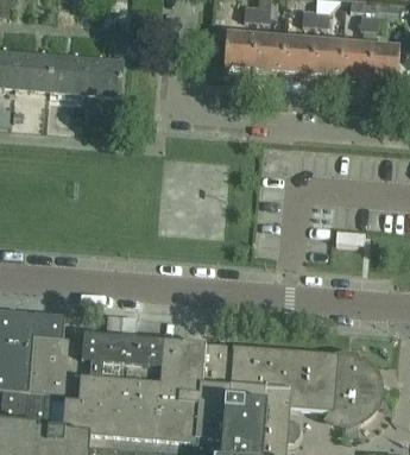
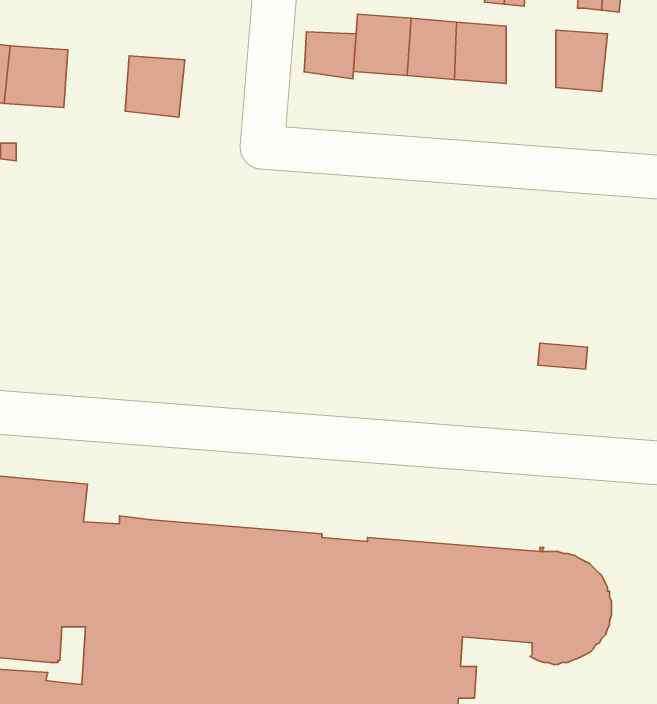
building: [315,38,345,75] -> none
building: none -> [304,32,356,79]
building: [372,43,399,78] -> none
building: [50,52,89,89] -> none

